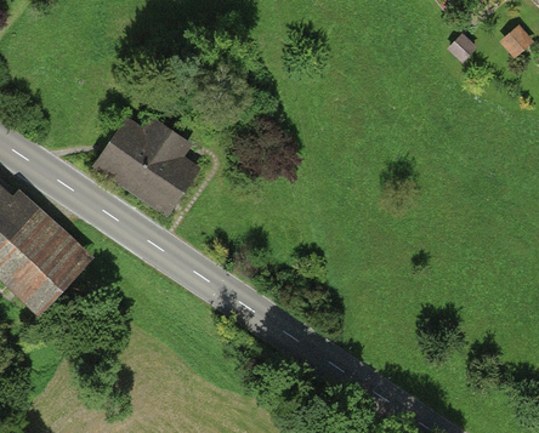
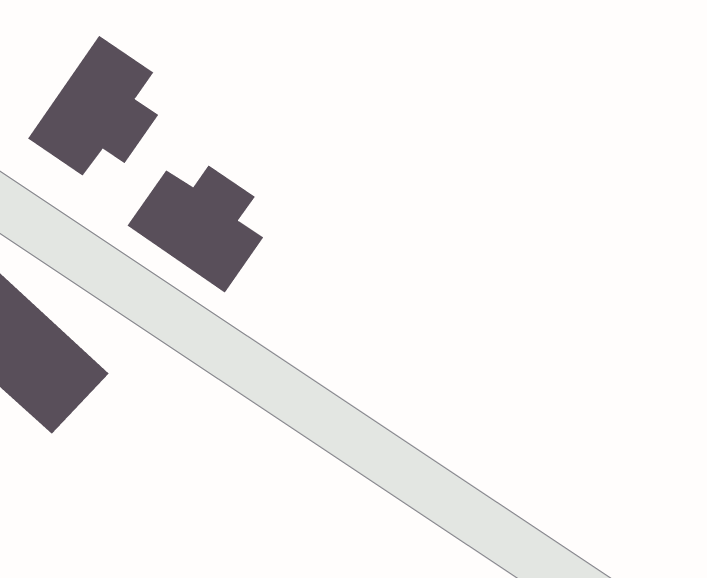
building: none -> [27,35,159,176]

